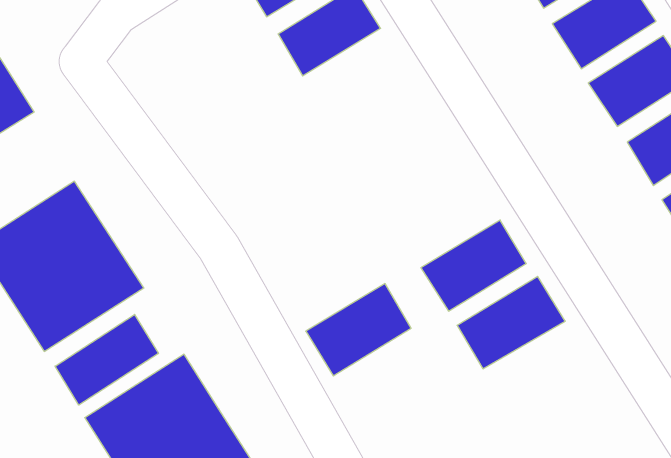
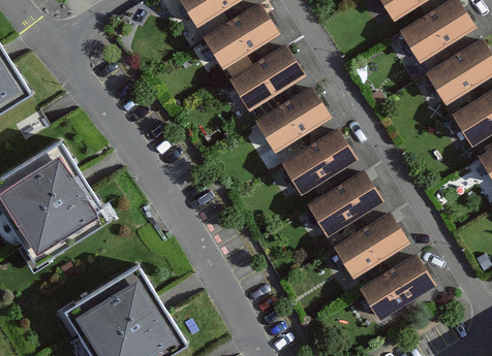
building: none -> [228,46,303,110]
building: none -> [255,88,330,152]
building: [306,284,411,376] -> [280,129,356,195]
building: [55,314,158,405] -> none
building: none -> [358,254,434,320]

